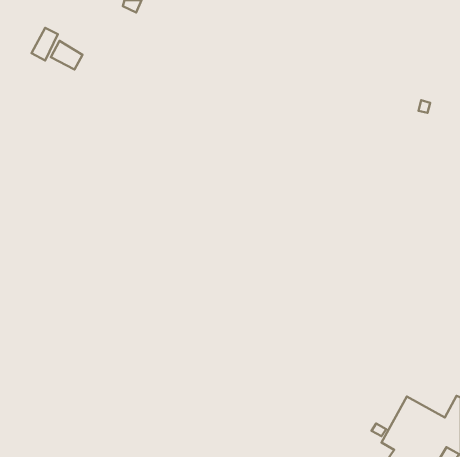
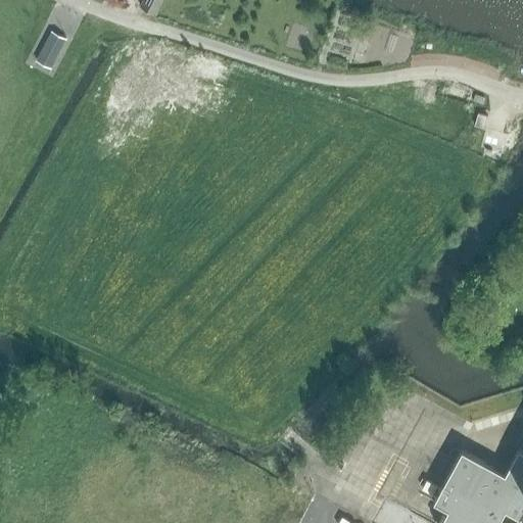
building: [51,41,83,69] -> none

